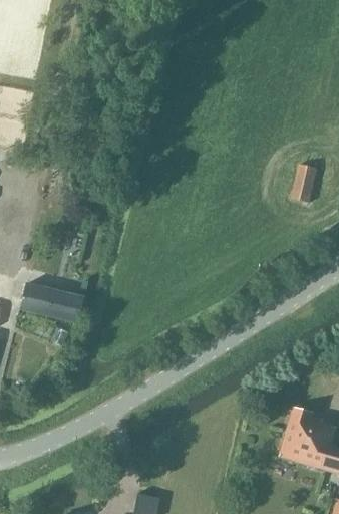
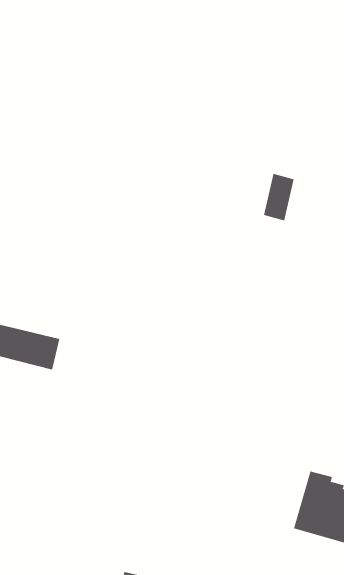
building: [290,163,316,203] -> [263,173,294,221]

